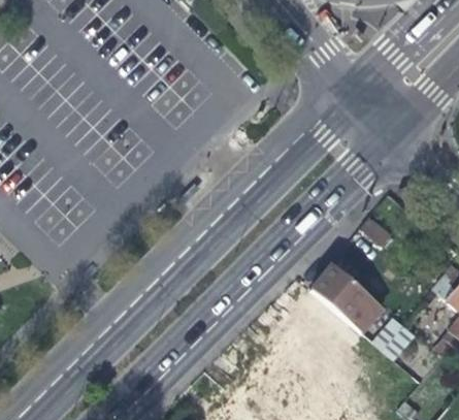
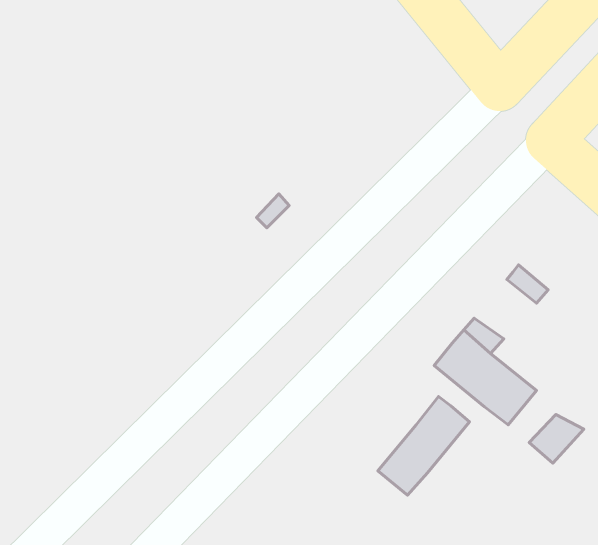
building: none -> [378,396,470,495]

